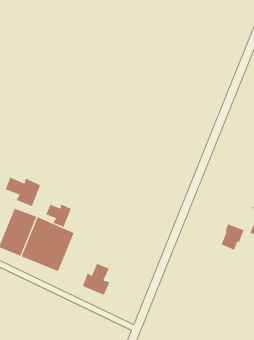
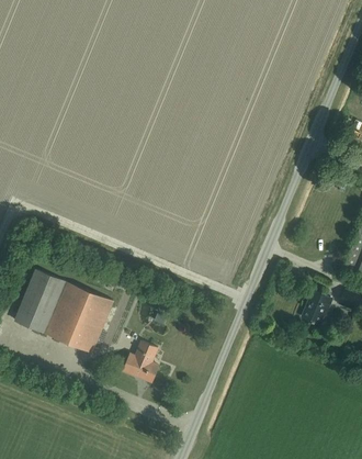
building: [5,177,41,207] -> none
building: [46,204,71,228] -> none

